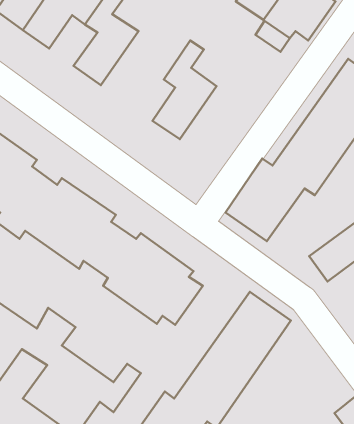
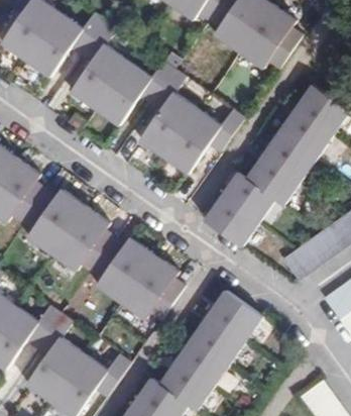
building: none -> [95,60,173,124]
building: none -> [164,108,243,172]

